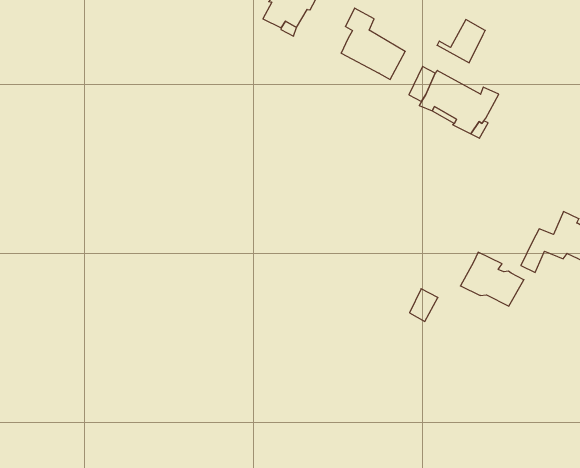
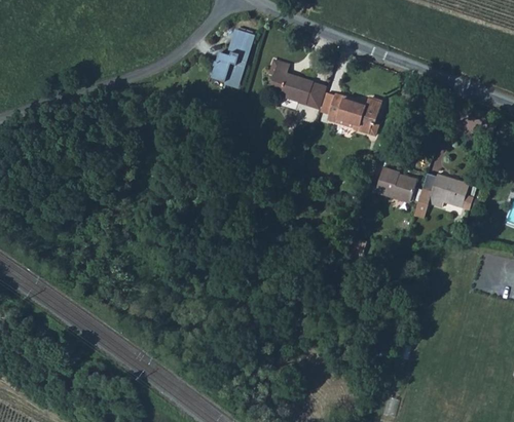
building: [437,20,485,63] -> [296,83,327,112]
building: [460,252,524,306] -> [374,167,416,200]

